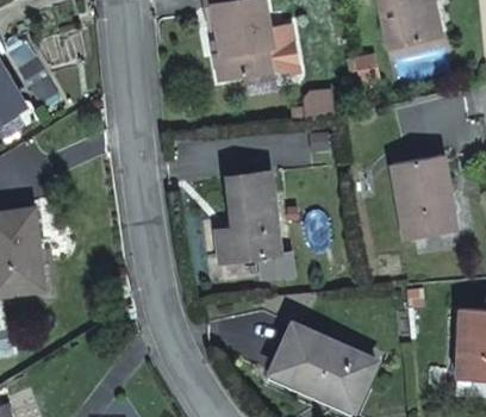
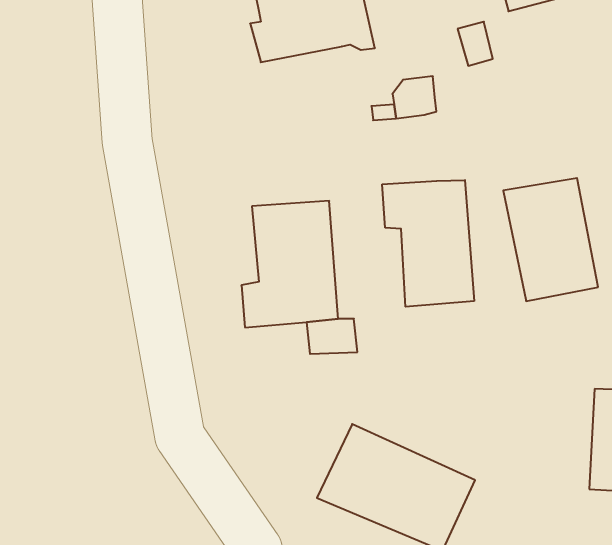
building: none -> [382,180,474,307]

